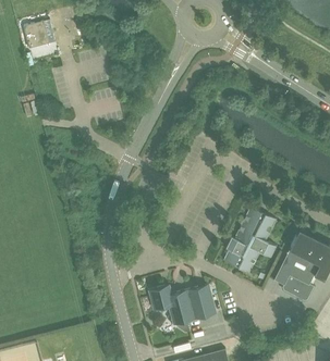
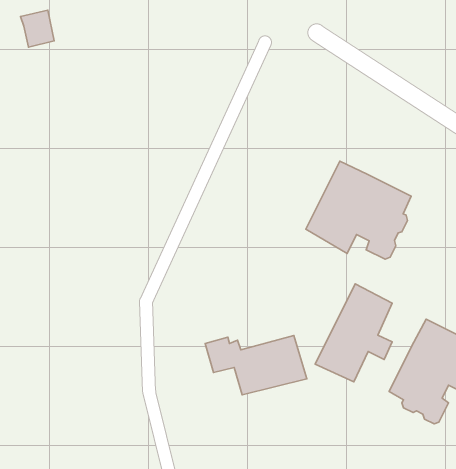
building: none -> [306,161,411,259]
building: [148,285,217,325] -> [205,335,307,395]

